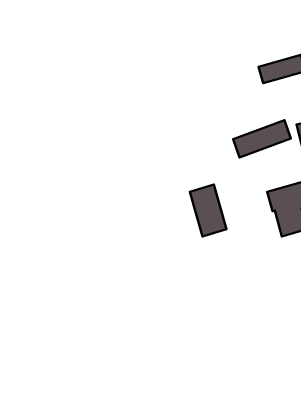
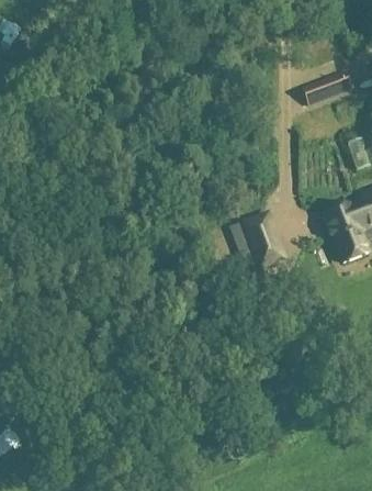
building: [233,120,291,158] -> none

